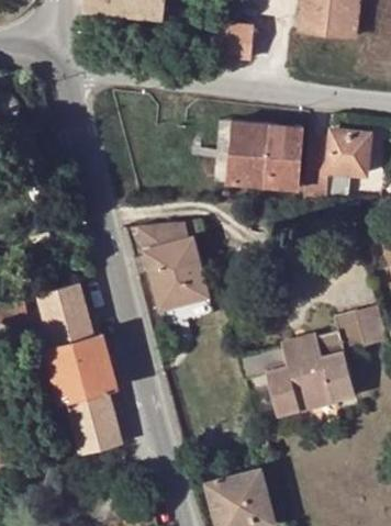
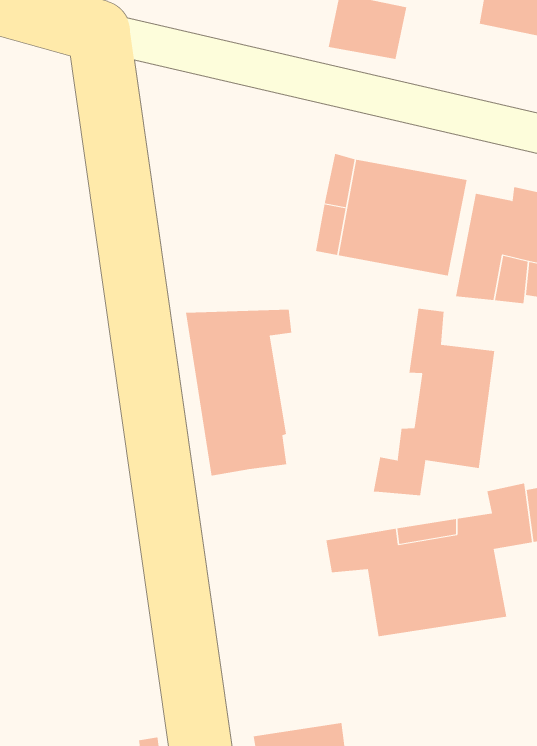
building: none -> [373,308,495,496]
building: [38,283,121,454] -> none

